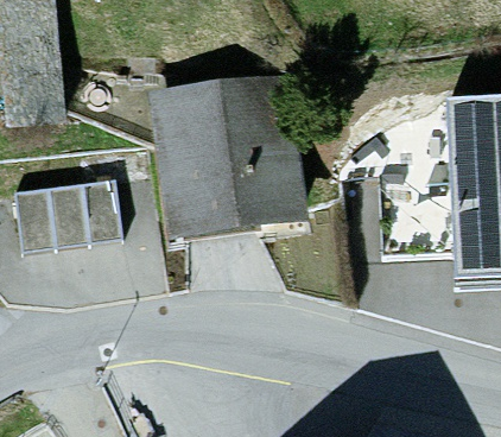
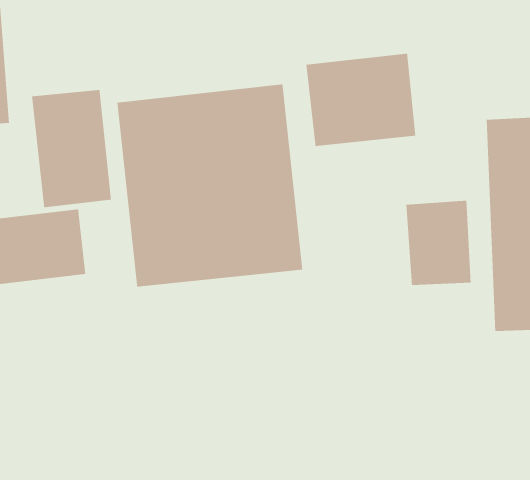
building: none -> [306,53,416,147]
building: none -> [31,89,112,208]

